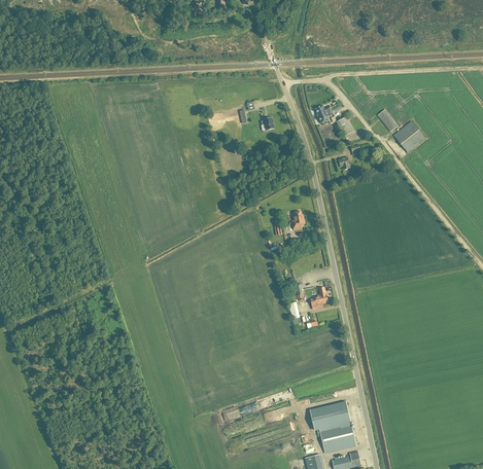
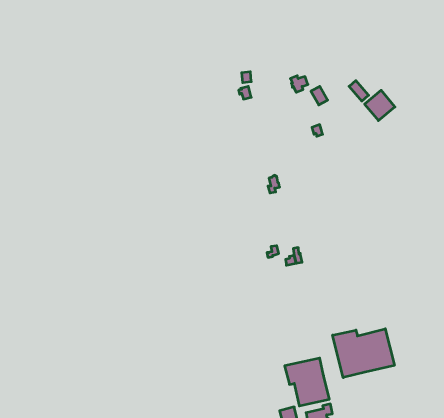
building: none -> [333,329,394,378]

